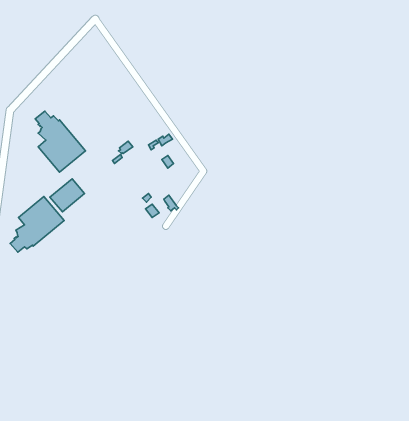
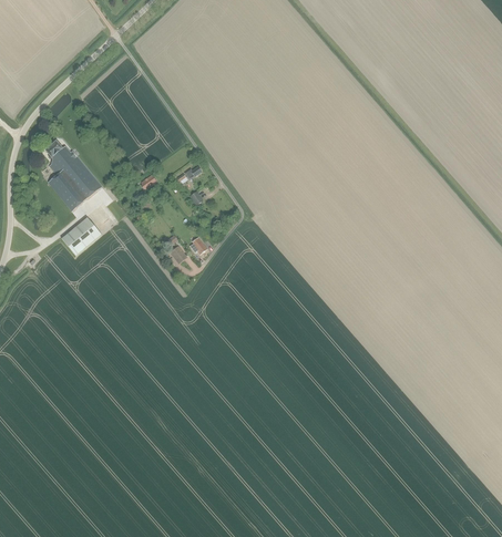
building: [10,197,64,252] -> none

